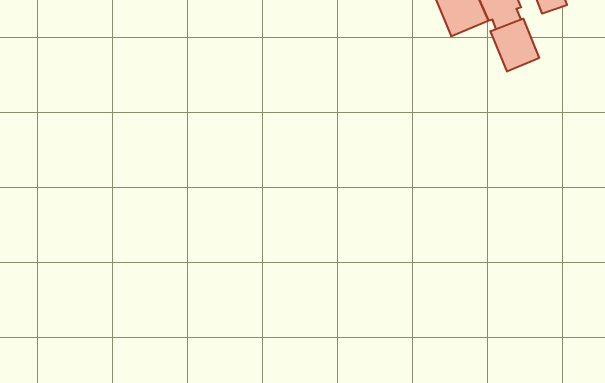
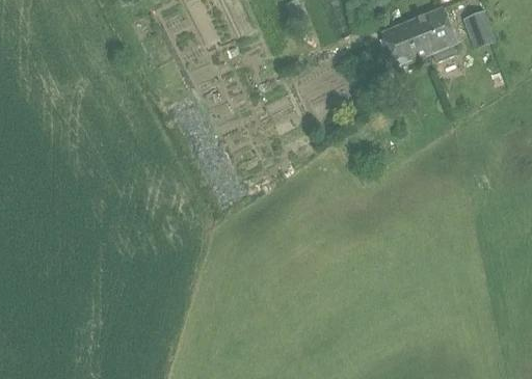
building: [490,19,539,72] -> none

